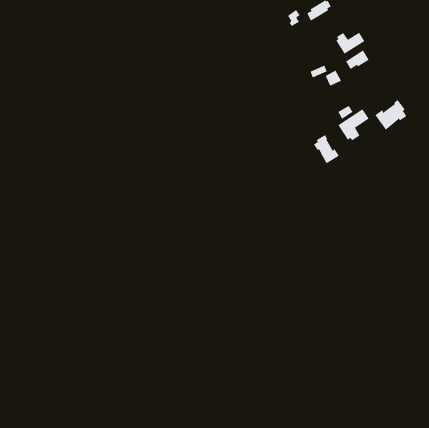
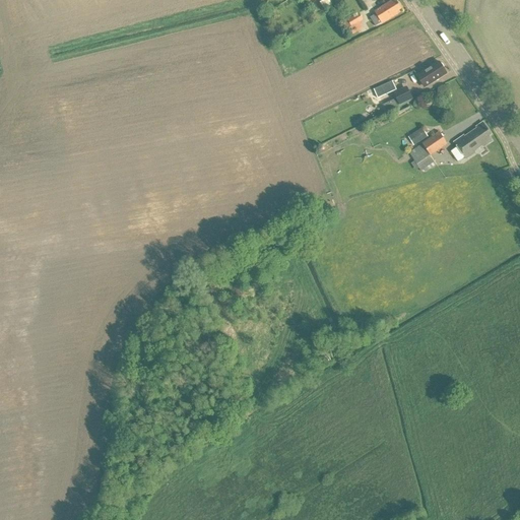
building: [335,32,365,55] -> none
building: [313,134,339,164] -> none

